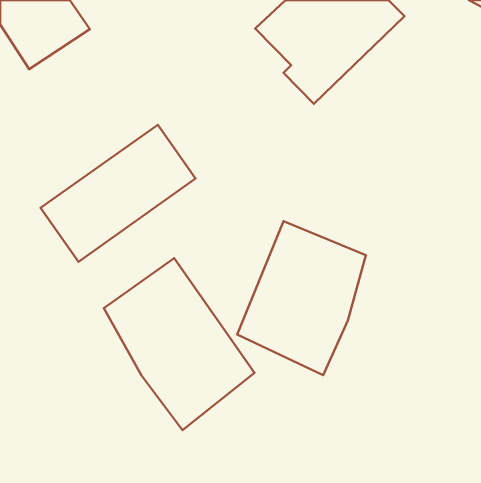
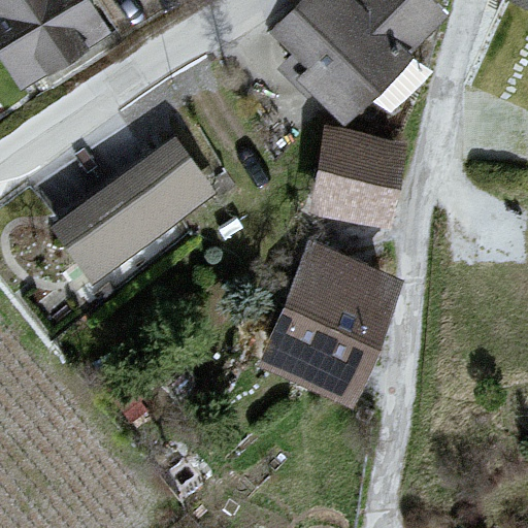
building: none -> [315,126,401,214]
building: [104,258,255,430] -> none

